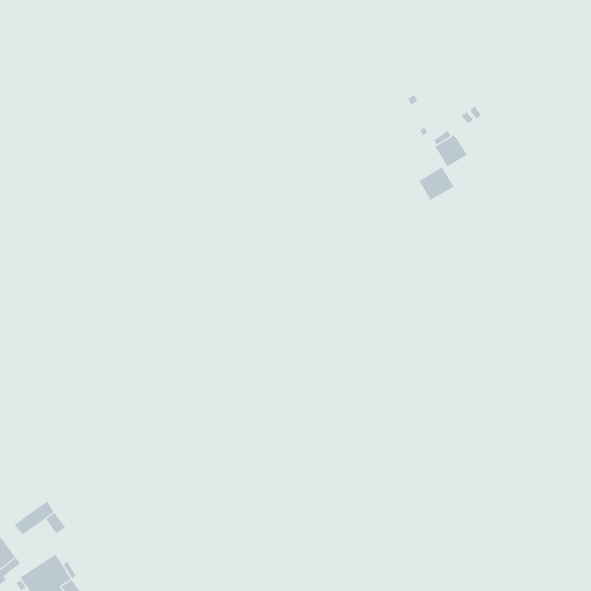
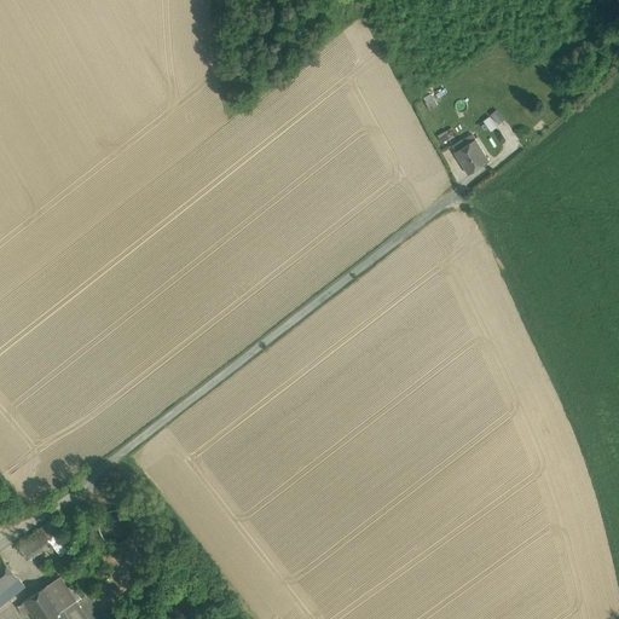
building: [418,166,455,201] -> none

